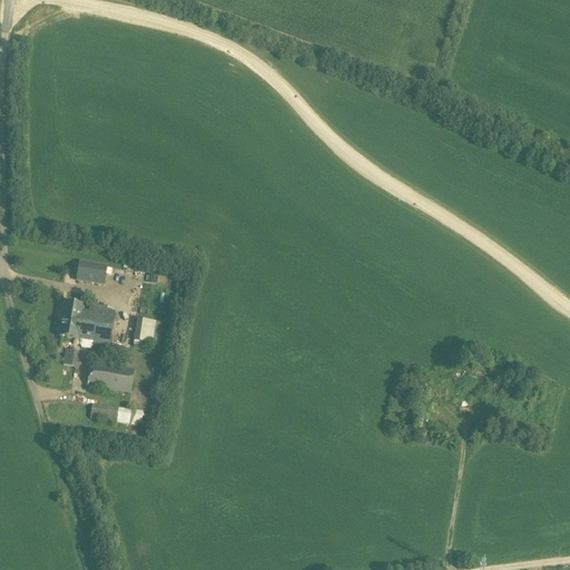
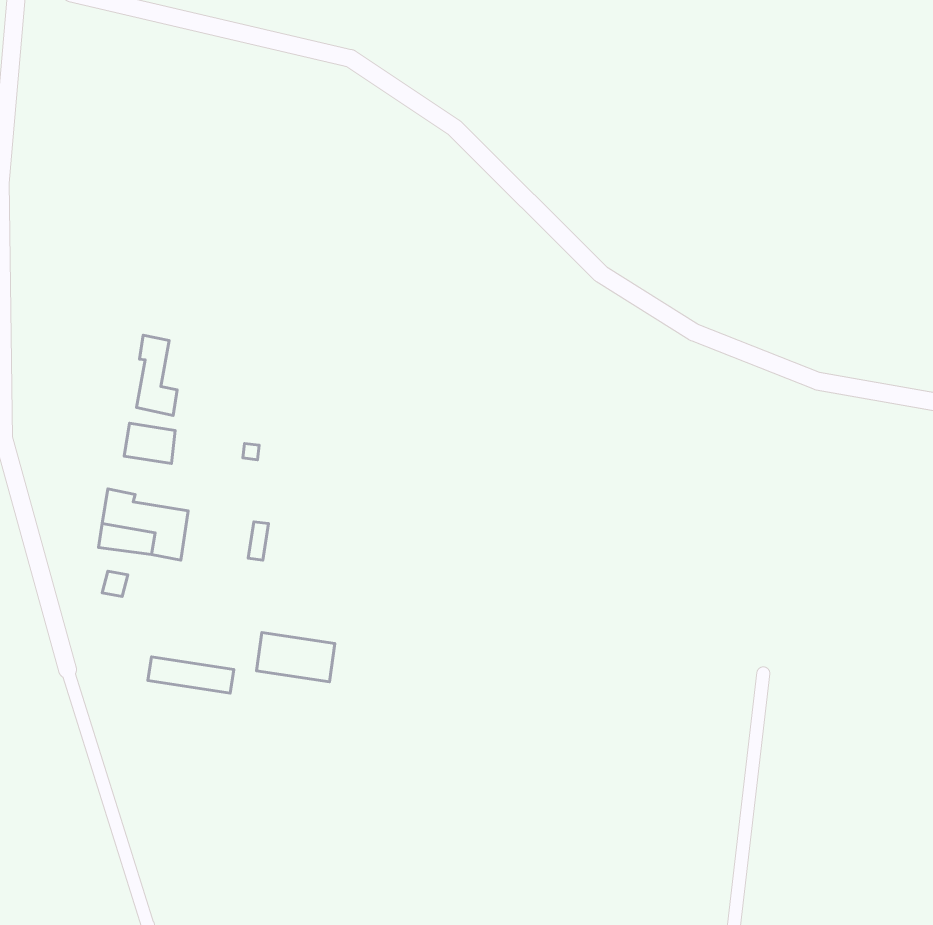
building: none -> [136,335,177,415]
building: [87,360,135,390] -> [256,632,335,682]

